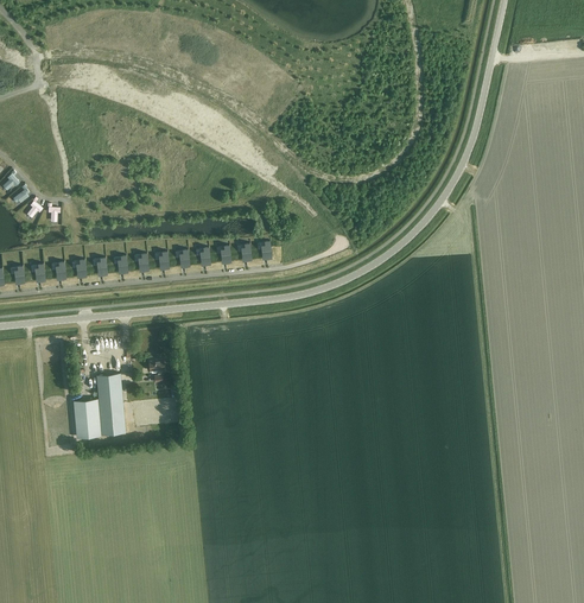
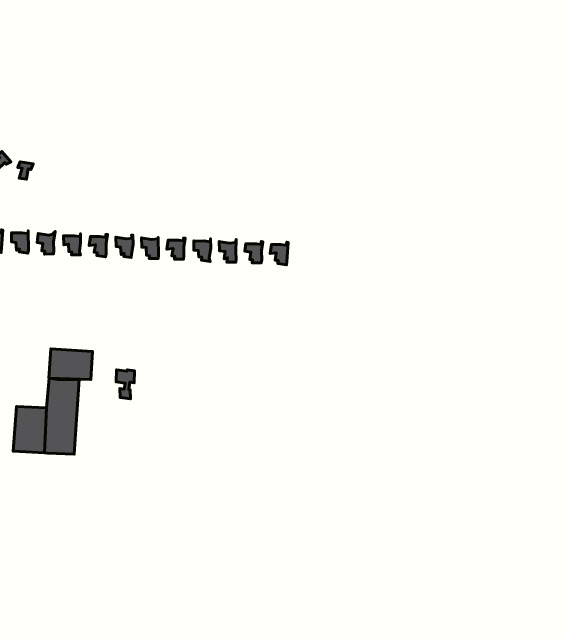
building: none -> [49,349,93,380]

